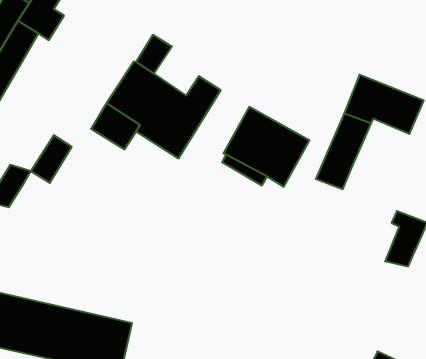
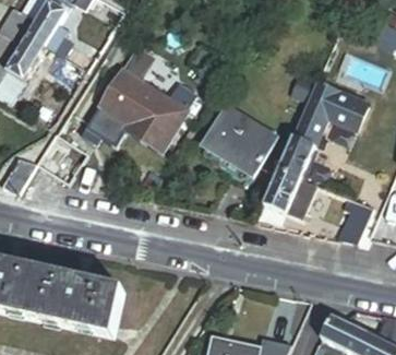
building: none -> [264,168,315,217]

